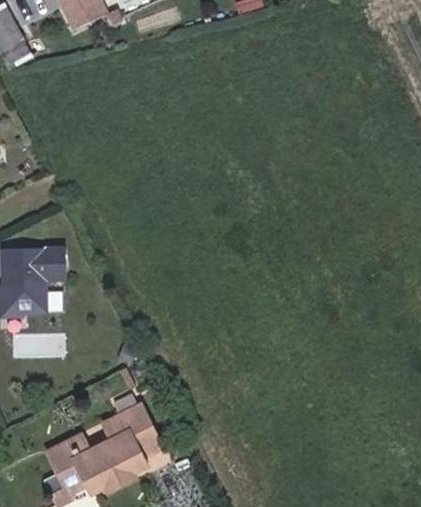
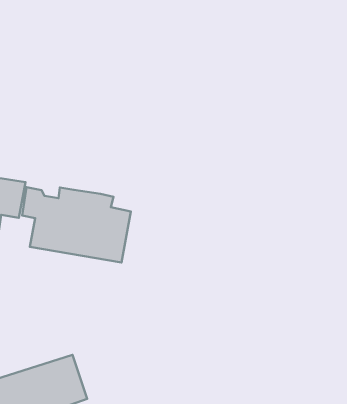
building: none -> [22,187,131,262]

